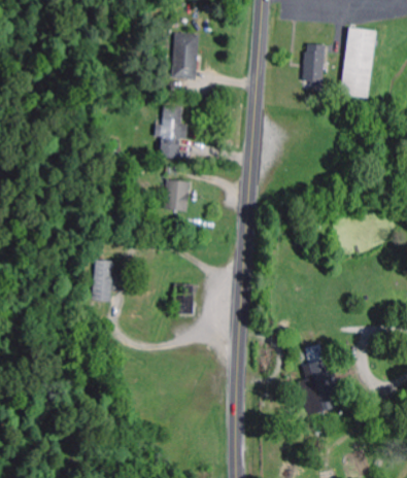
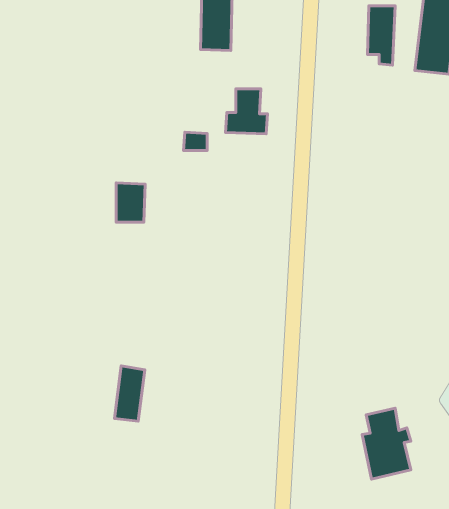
building: [155,105,188,140] -> [225,89,268,134]
building: [166,179,189,210] -> [116,183,145,222]
building: [92,258,115,301] -> [114,366,145,421]

